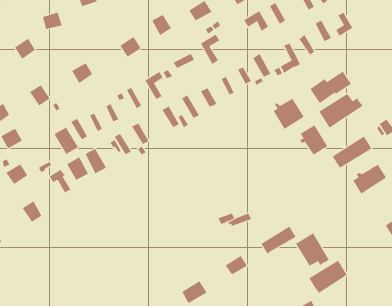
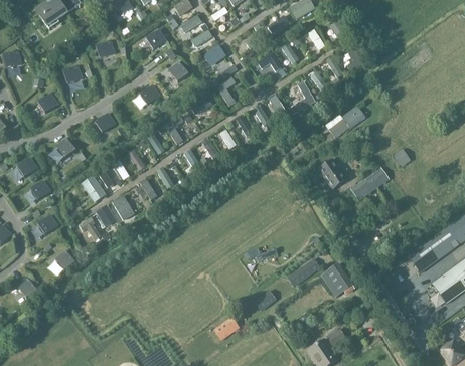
building: [318,93,363,128] -> none
building: [273,98,304,130] -> none
building: [352,164,387,194] -> none
building: [308,260,347,294] -> none

